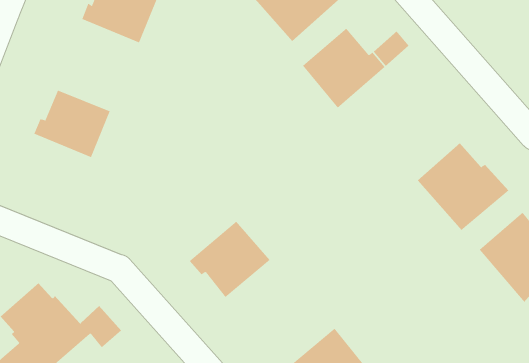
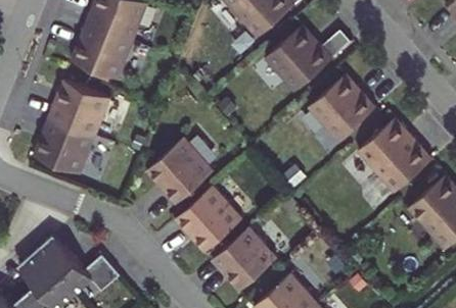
building: none -> [74,20,133,78]
building: none -> [308,76,376,141]
building: none -> [36,113,94,170]
building: none -> [148,136,213,202]
building: none -> [210,224,276,287]

